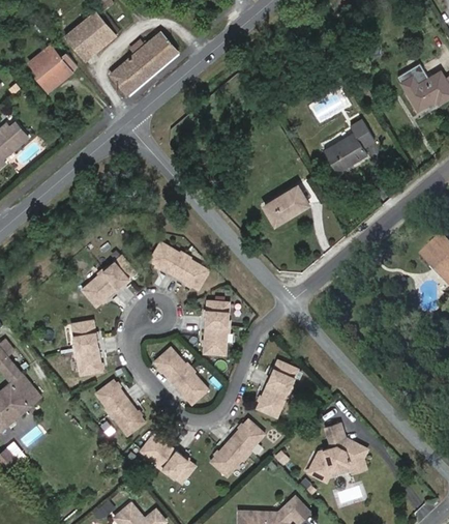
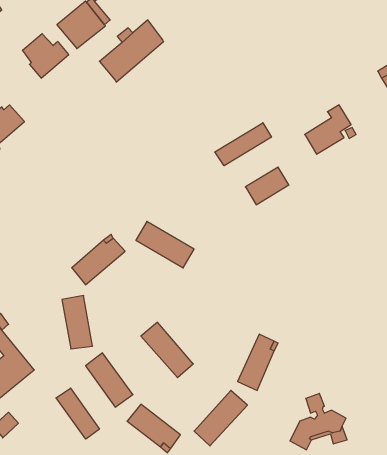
building: none -> [215,123,271,166]
building: [203,300,228,356] -> none
building: none -> [56,388,99,439]

